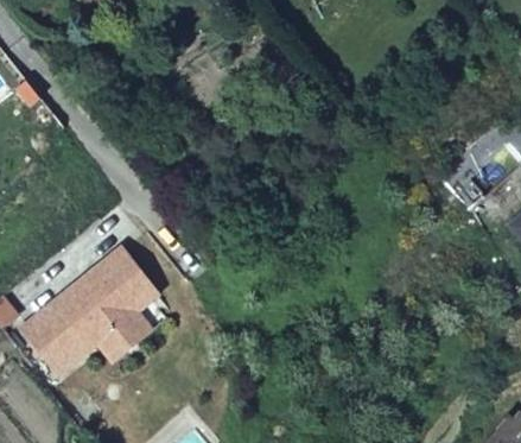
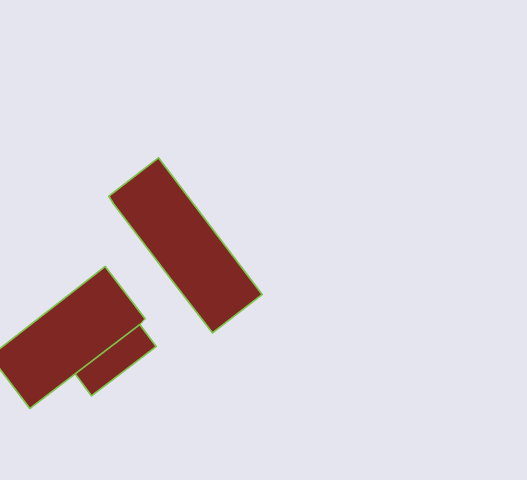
building: none -> [109,158,262,333]

